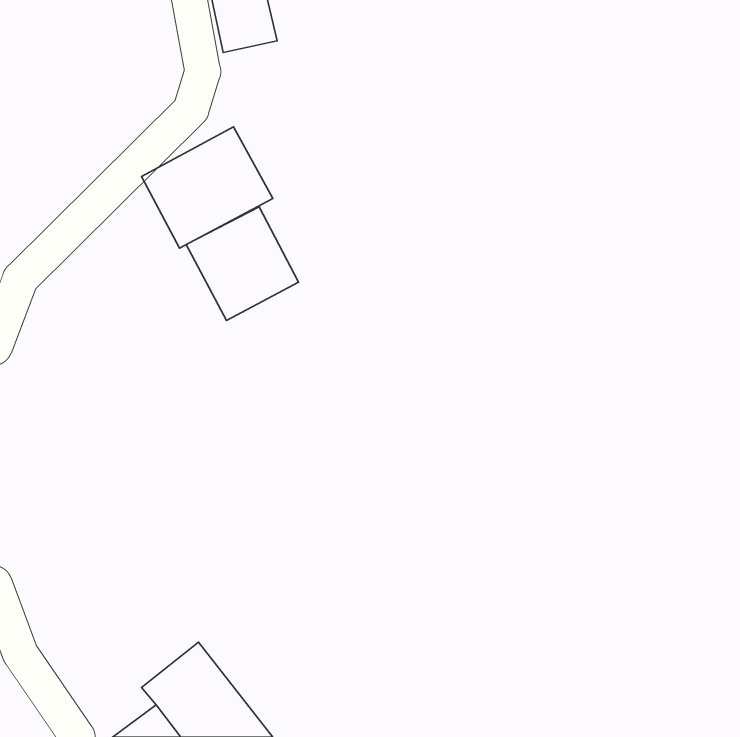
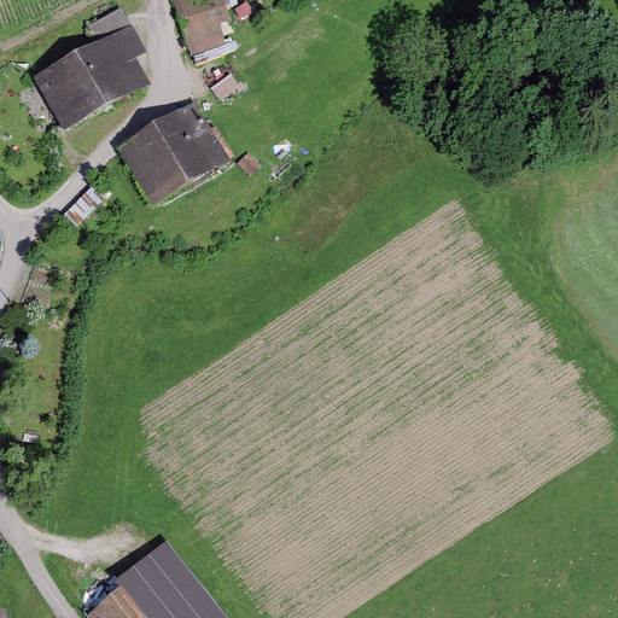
building: none -> [30,31,145,130]
building: [186,207,298,320] -> none

